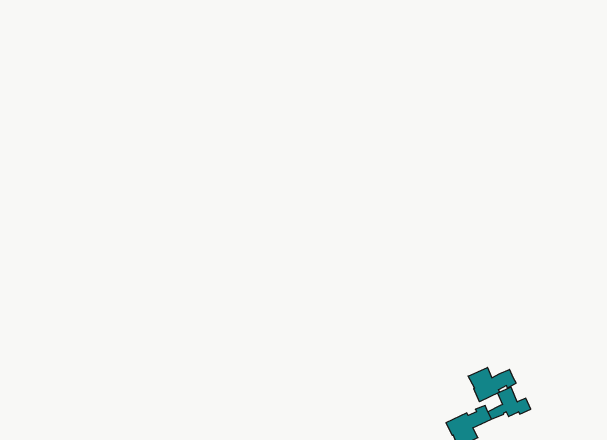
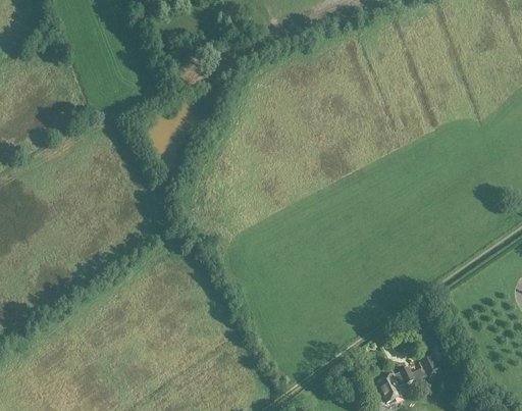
building: [468,367,516,402] -> none

